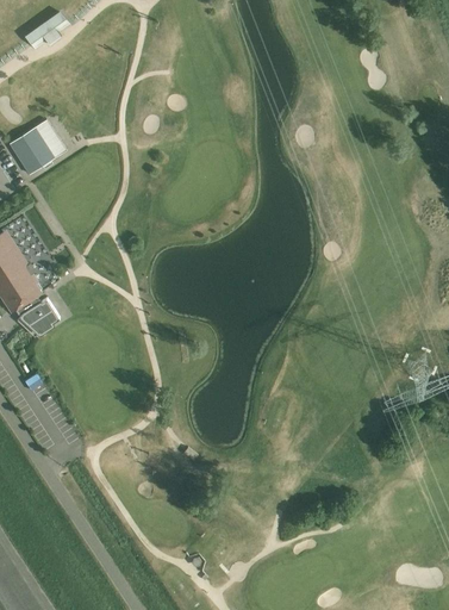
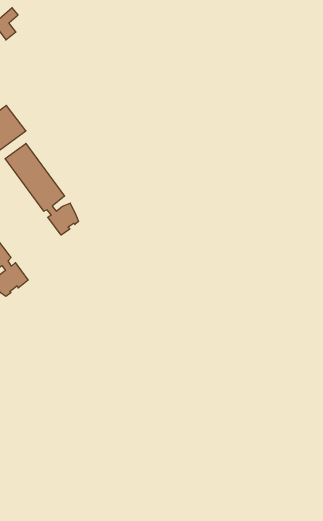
building: none -> [5,143,79,235]

